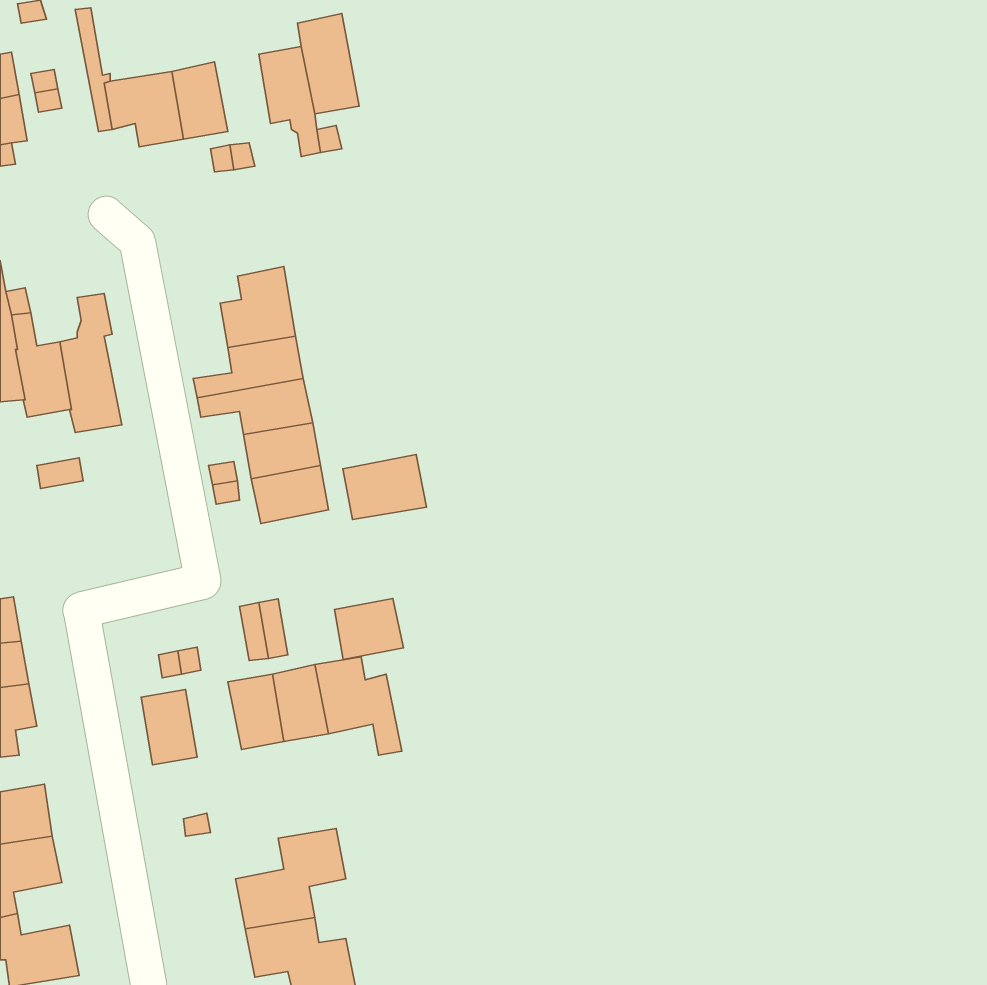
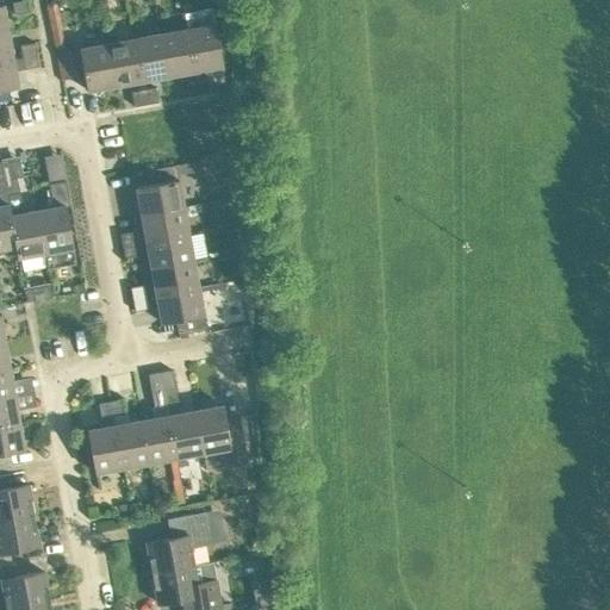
building: none -> [132,35,167,82]
building: [343,454,426,519] -> none
building: [334,598,403,660] -> none
building: none -> [114,422,149,468]

